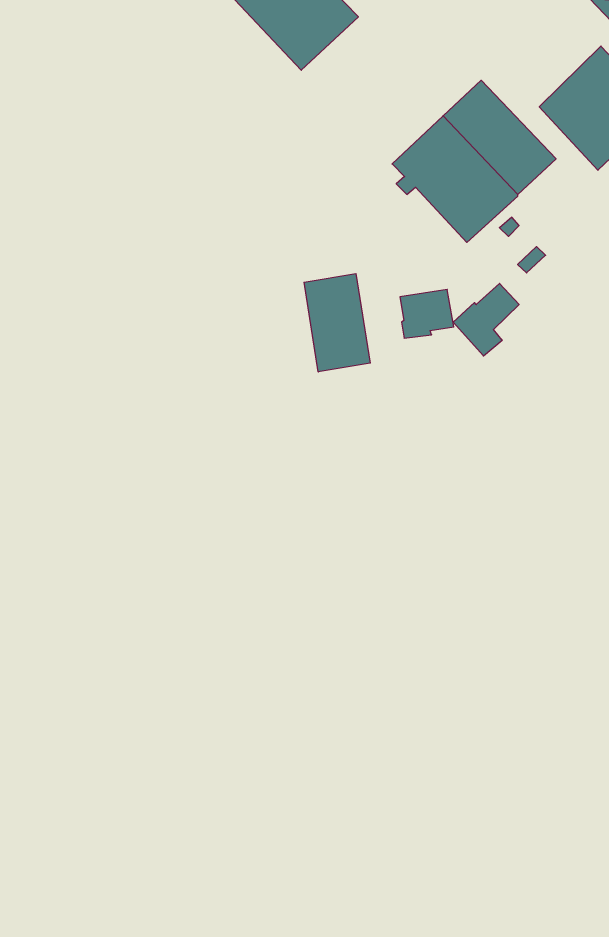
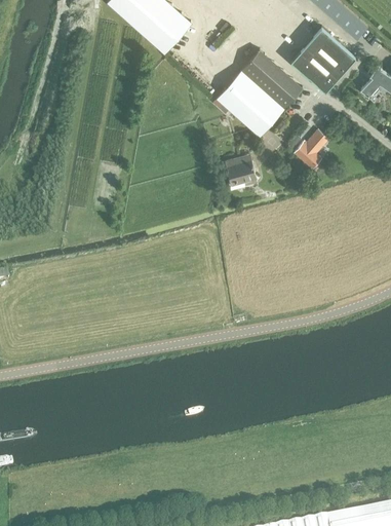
building: [304,274,370,372] -> none
building: [453,283,519,356] -> [295,130,328,170]

